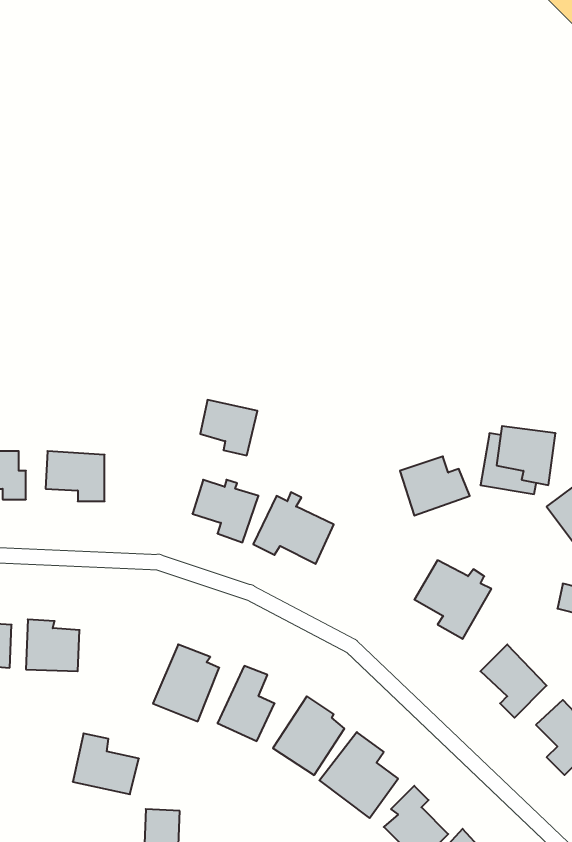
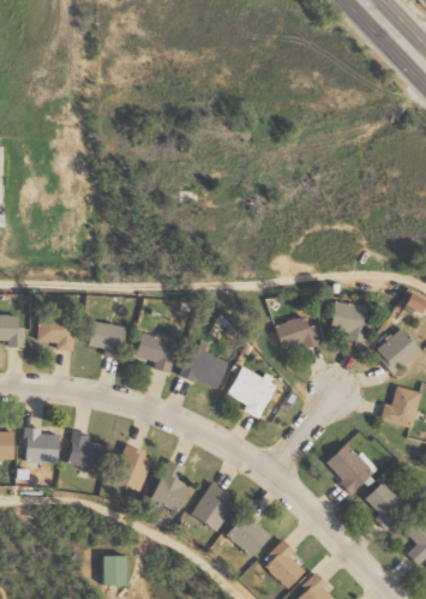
building: [200,400,257,455] -> [88,322,126,359]
building: [414,560,491,639] -> [226,367,277,420]
building: [73,733,139,794] -> [65,429,109,469]

